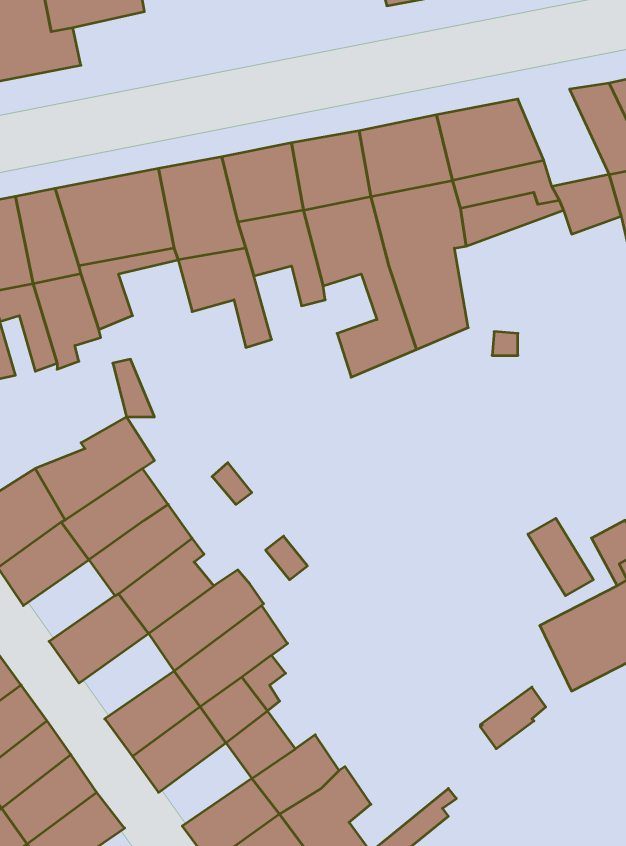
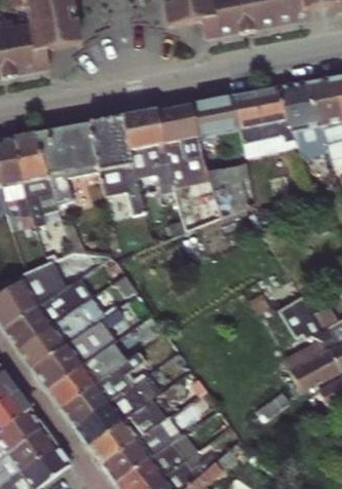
building: none -> [273,81,320,131]
building: none -> [17,325,65,367]
building: none -> [46,363,96,407]
building: none -> [87,419,136,462]

